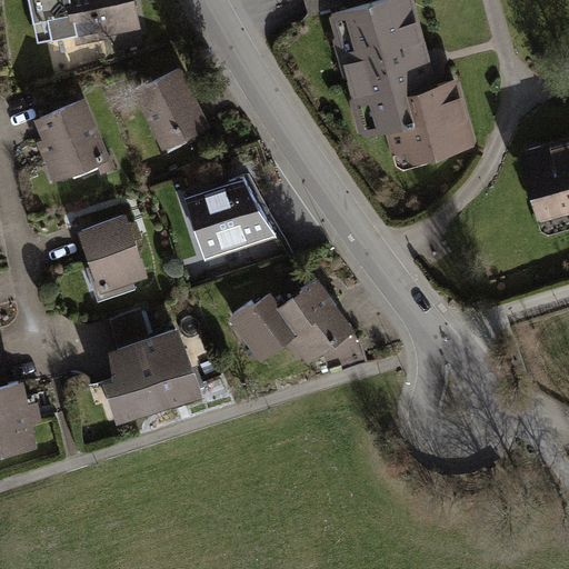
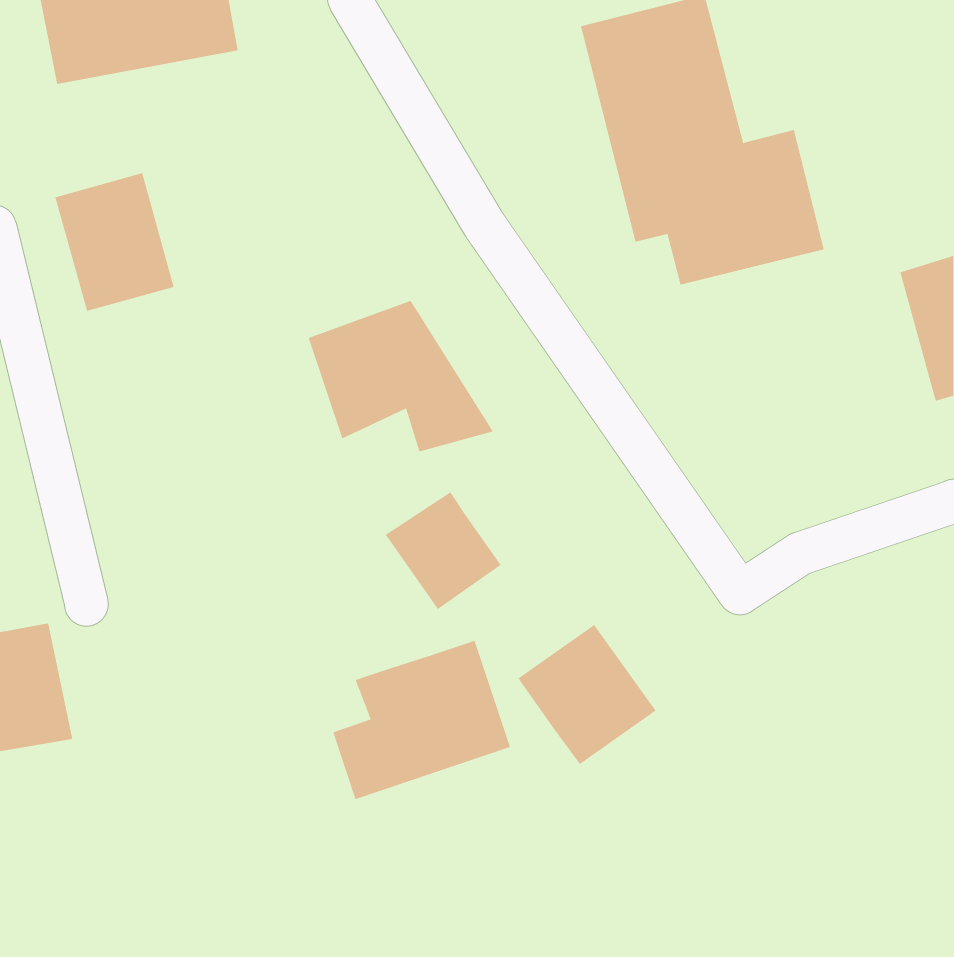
building: [130,70,207,148] -> none
building: [73,211,143,297] -> none
building: [276,272,358,356] -> [518,624,657,765]
building: [92,332,198,427] -> [332,640,511,800]

